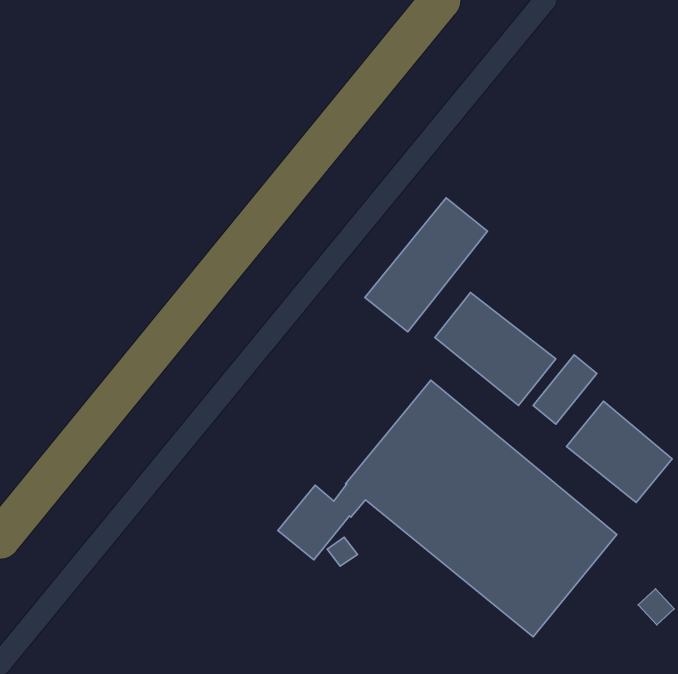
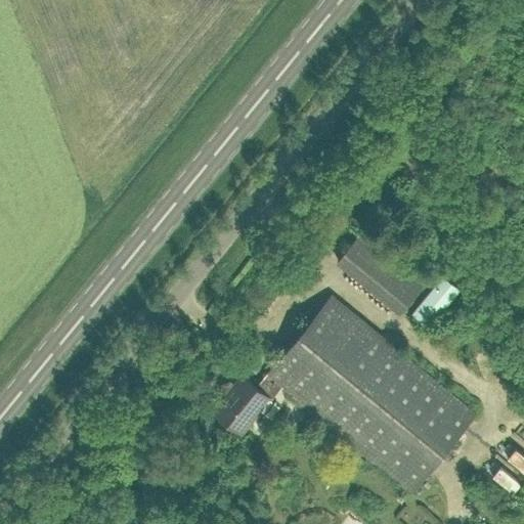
building: [365,198,488,332] -> none
building: [567,401,672,502] -> none

